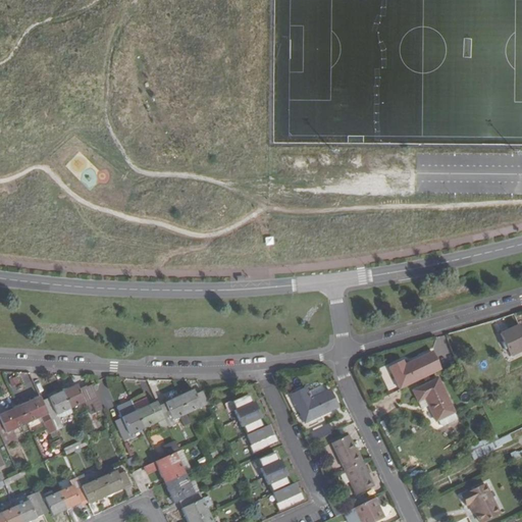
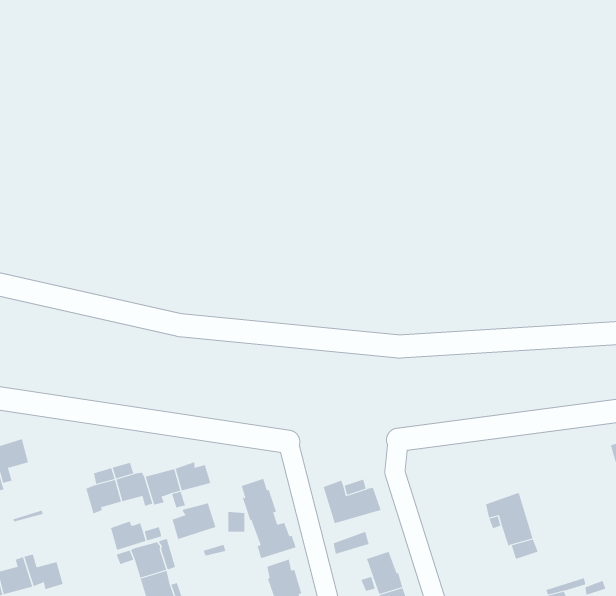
building: [389,353,440,388] -> none
building: [63,383,103,413] -> none
building: none -> [172,502,216,540]
building: [102,470,130,493] -> [110,521,146,551]

